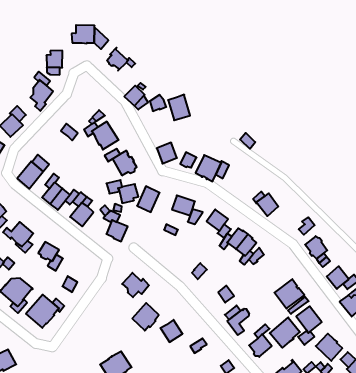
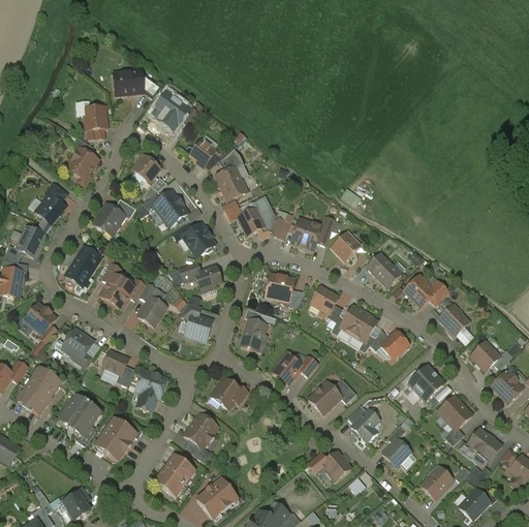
building: none -> [132,154,160,181]
building: [168,95,190,120] -> [216,165,246,199]
building: none -> [93,203,124,230]
building: none -> [332,231,360,259]
building: [137,186,160,212] -> [240,317,267,349]
building: none -> [404,275,436,307]
building: none -> [380,329,408,354]
building: none -> [135,369,166,398]
building: none -> [273,354,303,383]
building: none -> [308,382,341,412]
building: [132,303,159,331] -> [184,412,217,447]
building: [270,317,300,348] -> none
building: [160,320,183,342] -> [321,451,350,479]
building: none -> [154,454,195,496]

